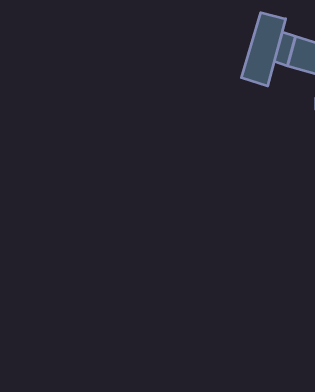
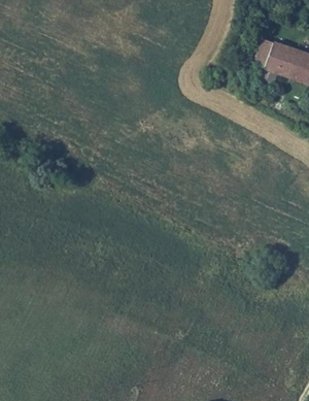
building: [241,13,286,86] -> none

